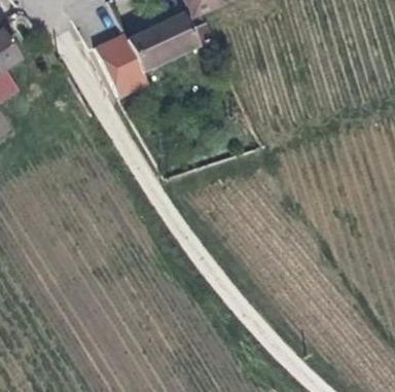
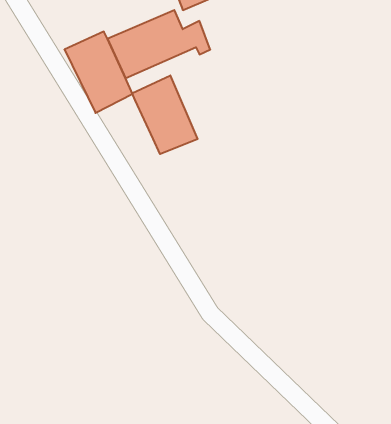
building: none -> [132,75,198,154]

